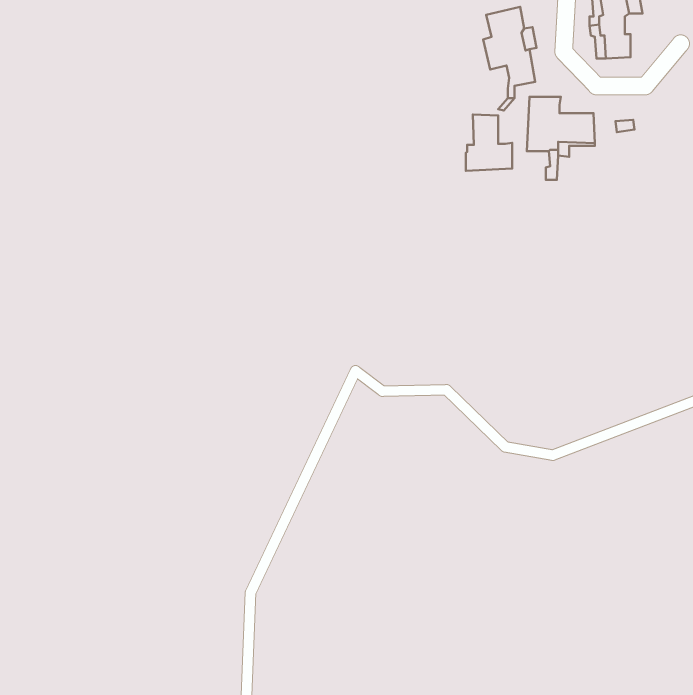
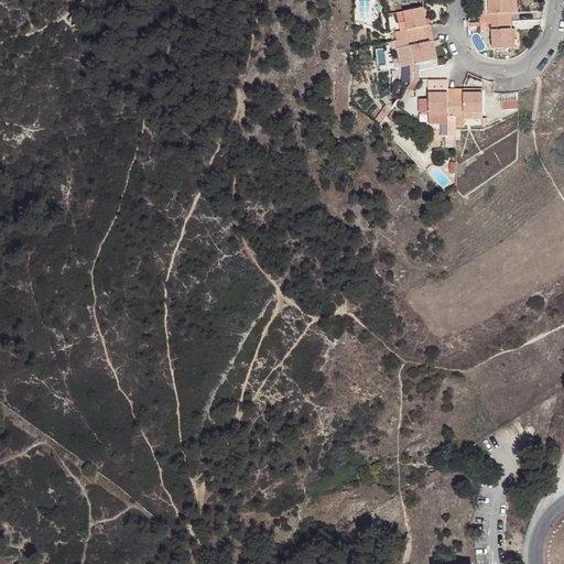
building: [466,114,512,171] -> none

